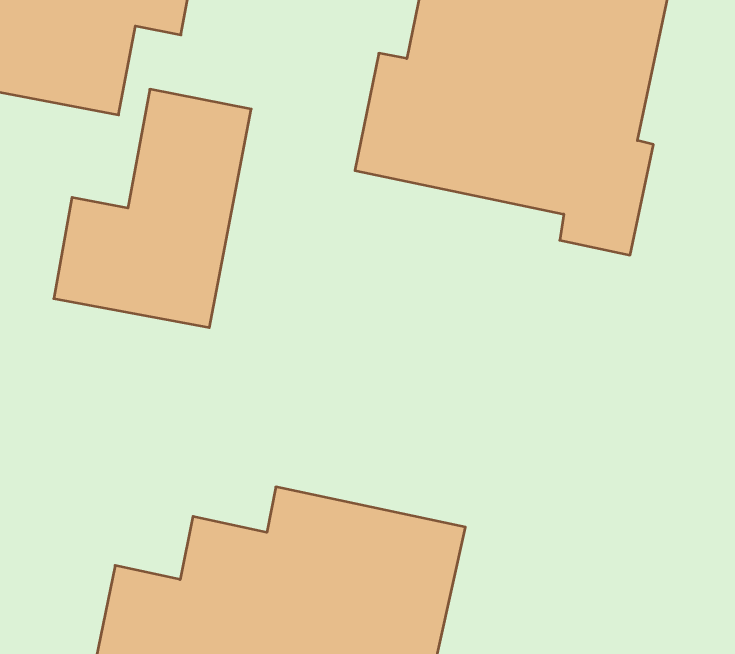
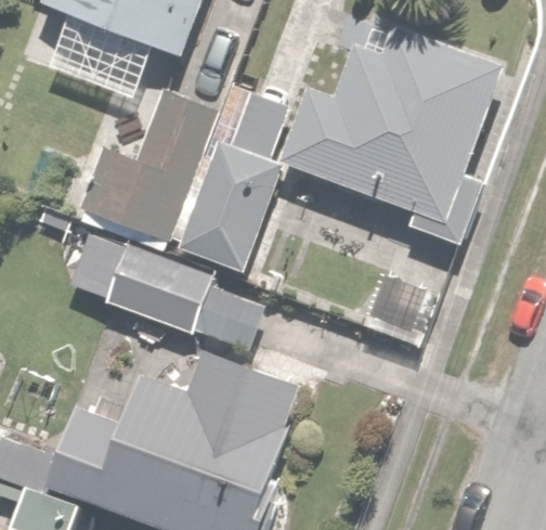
building: none -> [170,93,288,274]
building: none -> [62,221,258,348]

